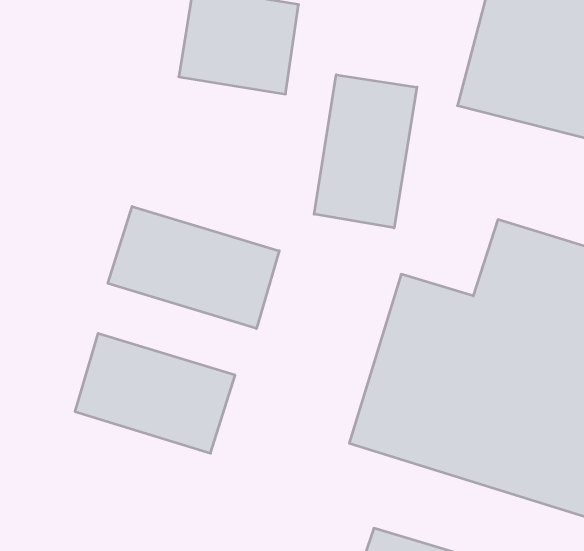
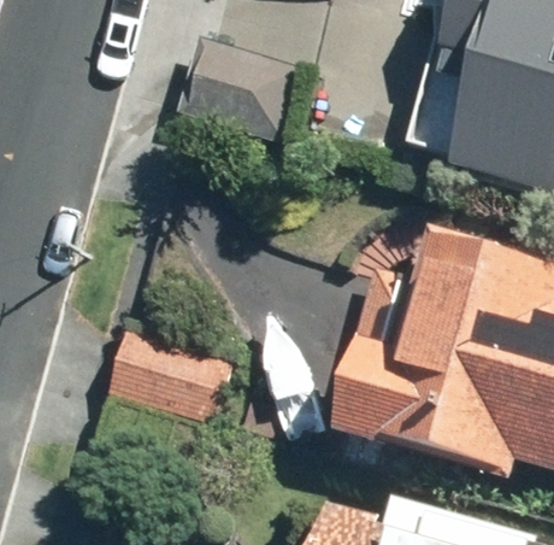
building: [314,75,417,228] -> none
building: [108,206,279,329] -> none

